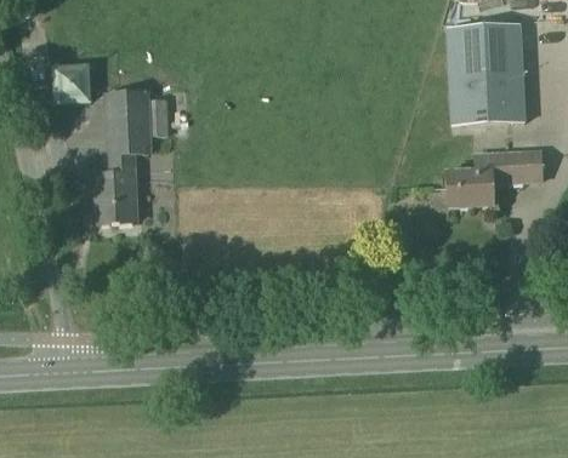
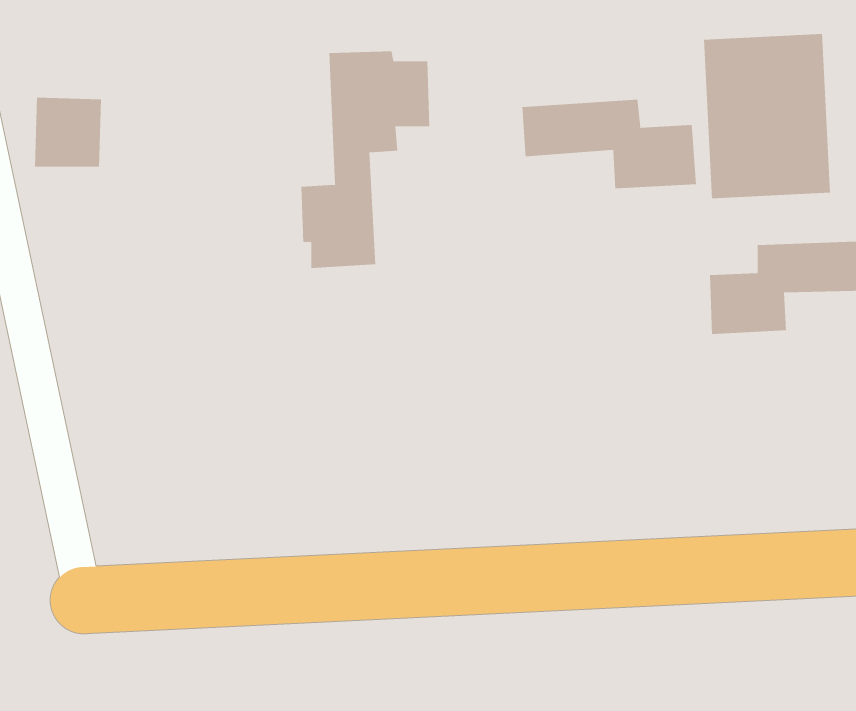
building: none -> [522,99,697,189]
building: [93,91,172,223] -> [300,51,430,268]

